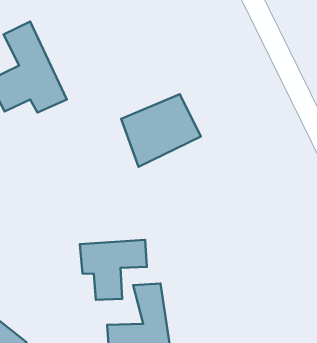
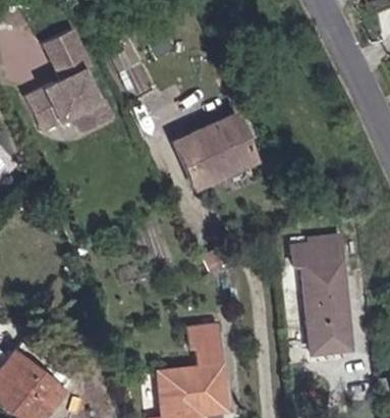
building: none -> [287,232,354,356]
building: [80,240,147,300] -> none

